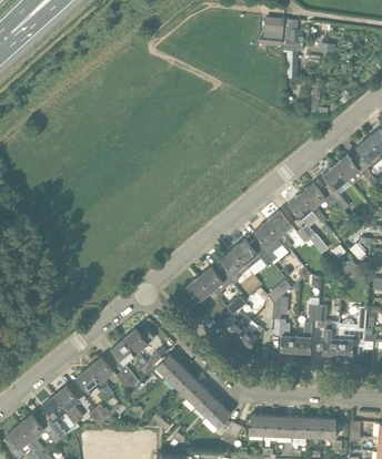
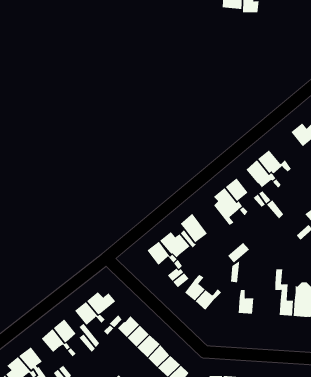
building: [322,165,349,212] -> none
building: [233,239,271,269] -> none
building: [295,305,319,354] -> none

